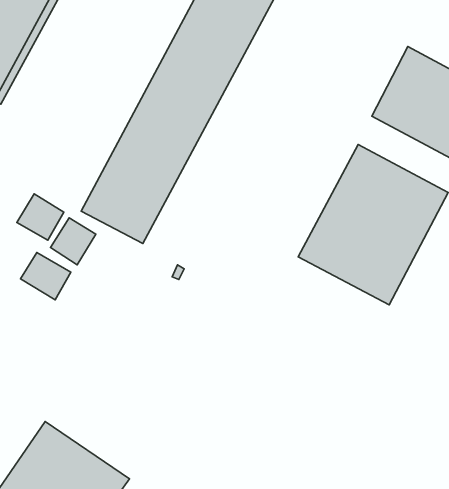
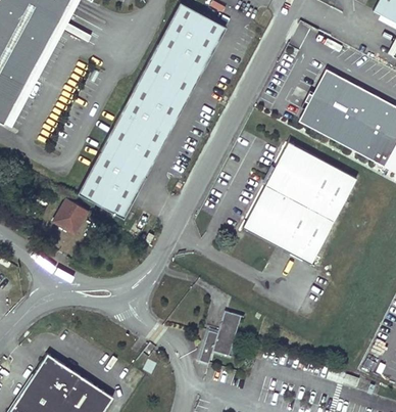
building: [17,194,64,240] -> none
building: [21,252,71,300] -> none
building: none -> [198,312,240,364]

